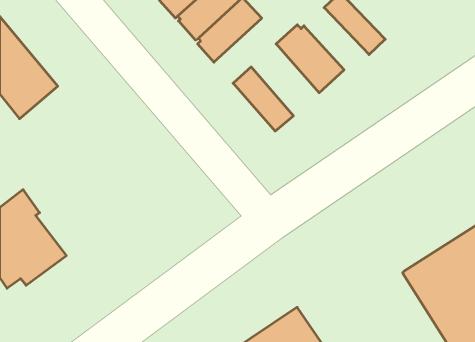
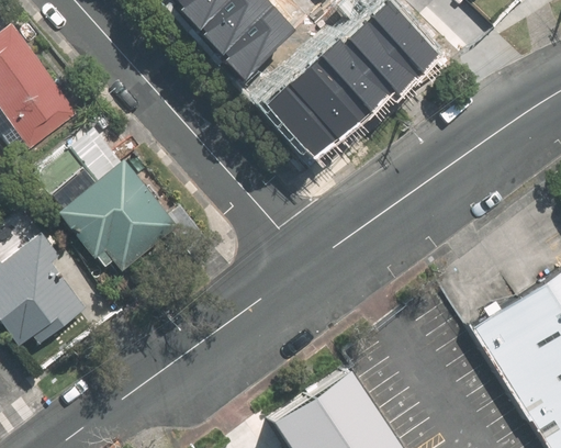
building: none -> [352,19,427,96]
building: none -> [292,60,370,143]
building: none -> [48,150,205,266]

